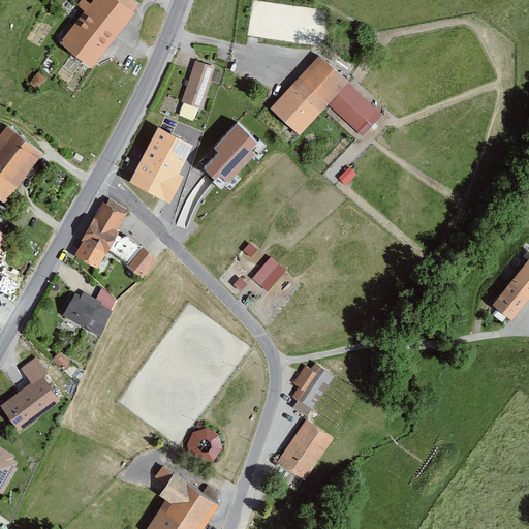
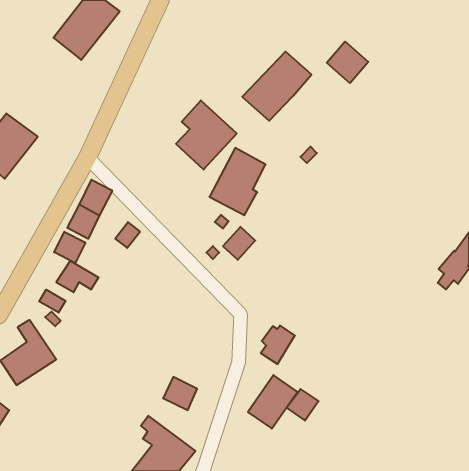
building: [182,61,215,108] -> none
building: [329,84,375,130] -> [327,42,368,83]
building: [128,127,191,203] -> [209,148,266,215]
building: none -> [54,232,85,263]
building: none -> [39,290,65,313]
building: none -> [287,389,319,421]

